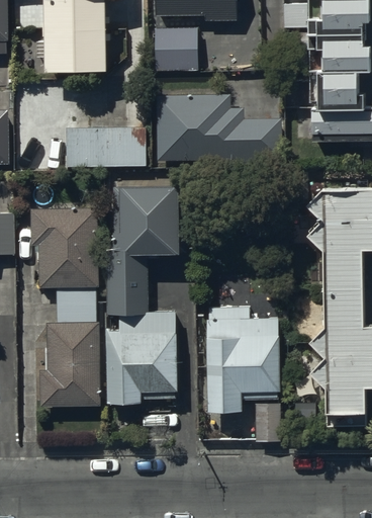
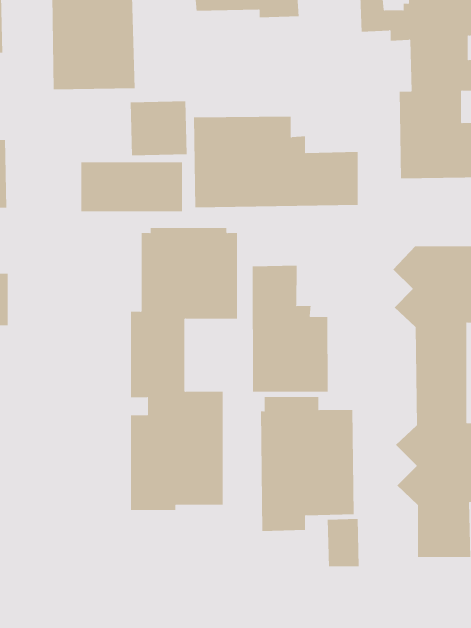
building: [153,23,197,66] -> [130,101,187,156]
building: [29,203,99,402] -> none
building: none -> [252,265,328,392]

